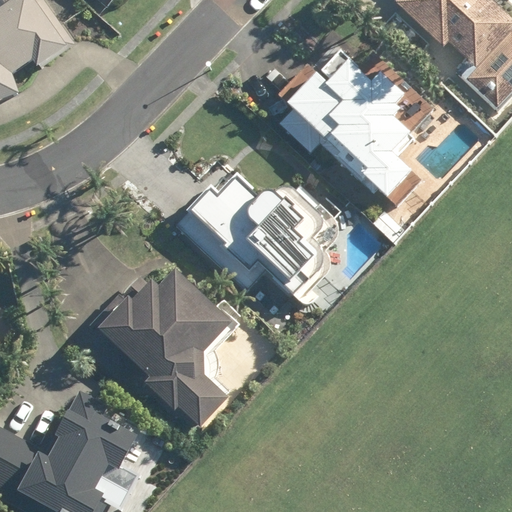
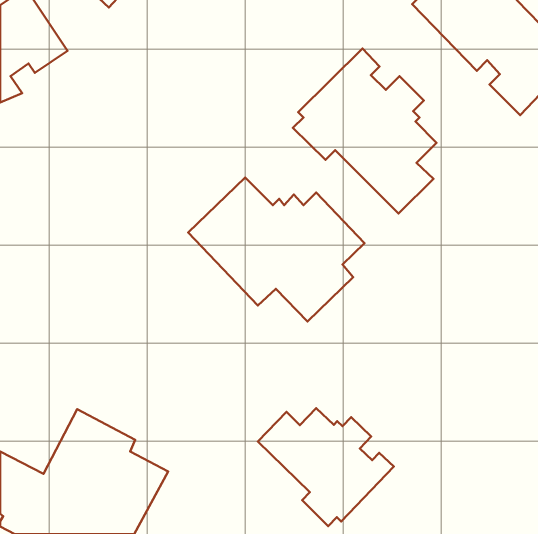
building: [89,268,227,428] -> none
building: none -> [258,408,394,526]

